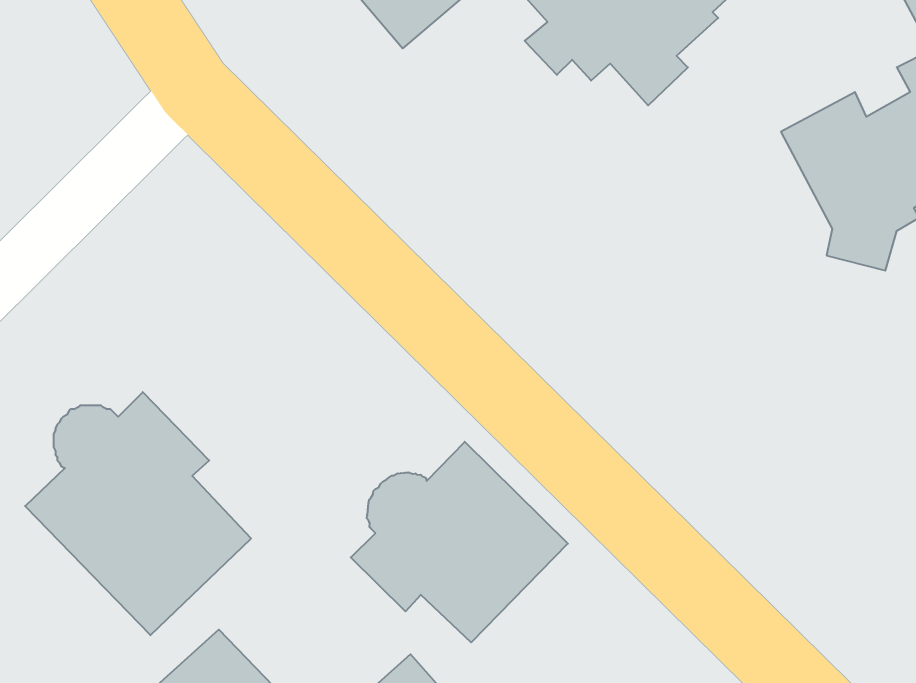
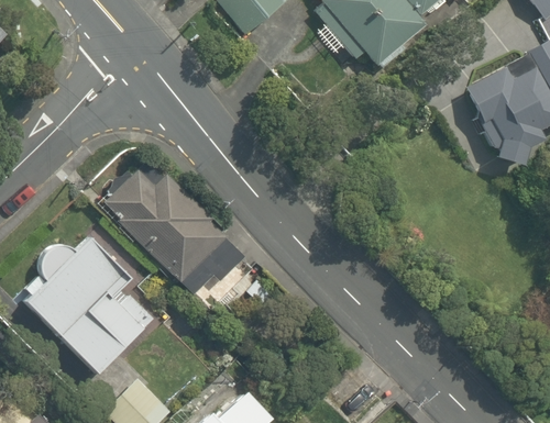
building: none -> [100,172,251,294]
building: [351,442,568,642] -> none

